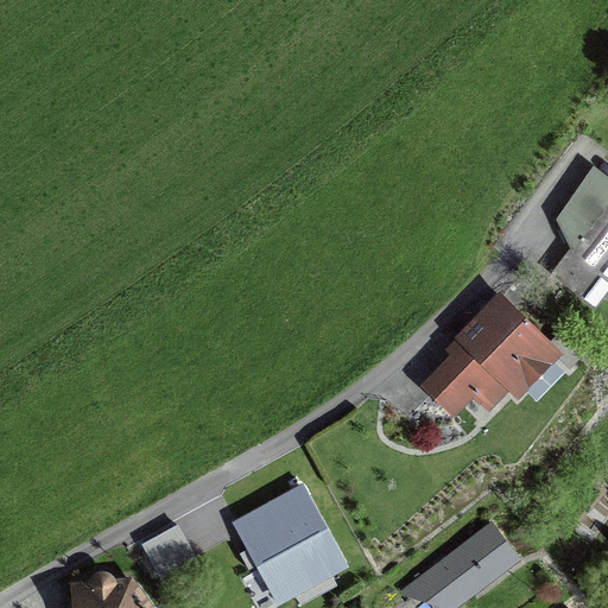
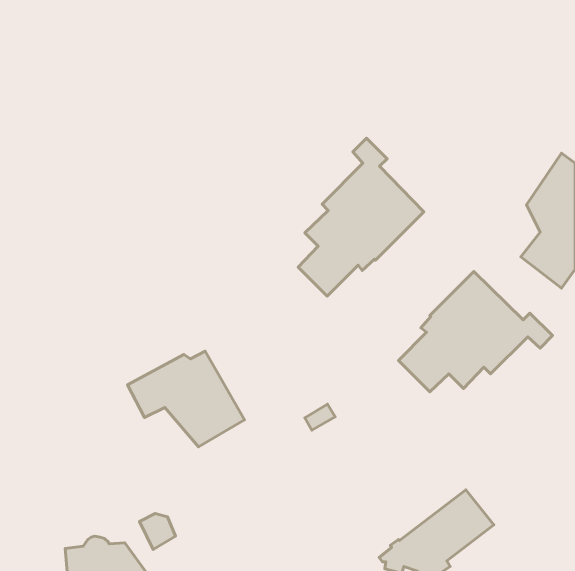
building: none -> [298,138,424,296]
building: [220,489,343,590] -> [128,351,245,447]

